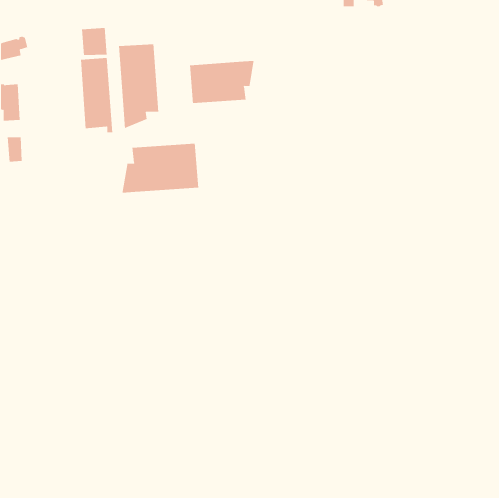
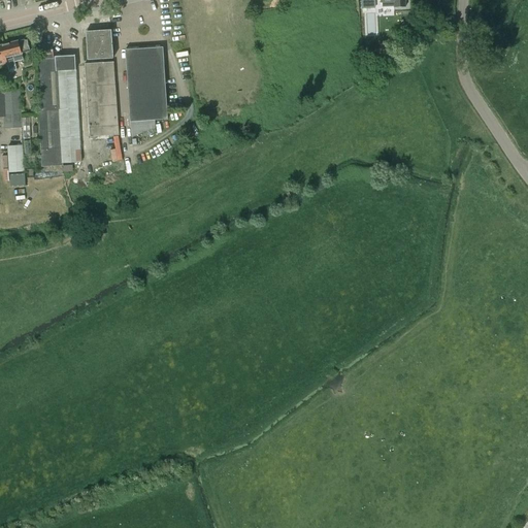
building: none -> [37,54,81,166]
building: [189,60,254,104] -> none
building: [122,143,199,194] -> none

